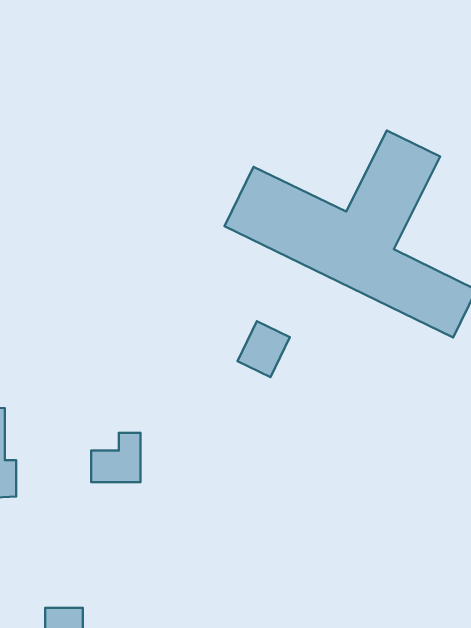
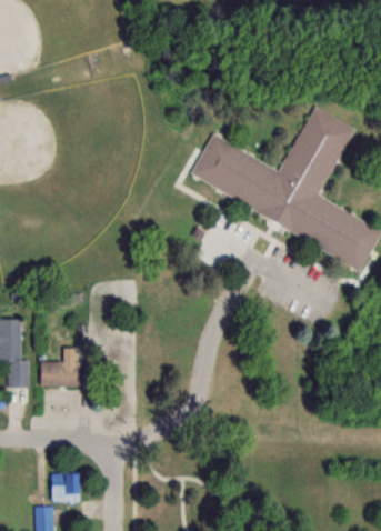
building: [238,321,290,377] -> none
building: [91,433,140,482] -> [41,349,79,387]

